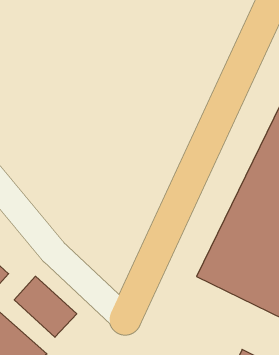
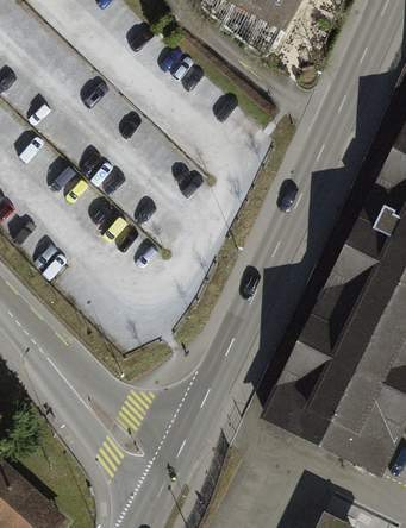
building: [14,276,77,337] -> none

